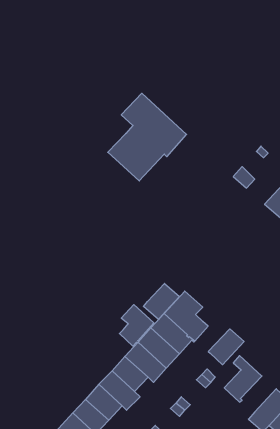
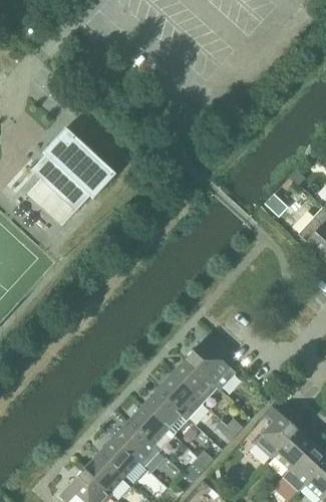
building: [108,93,187,181] -> [27,128,115,226]
building: [143,283,180,320] -> none
building: [119,305,154,346] -> none
building: [208,329,244,365] -> [272,428,312,468]

